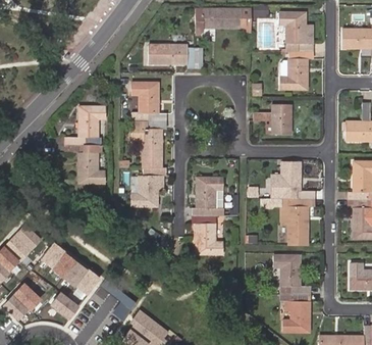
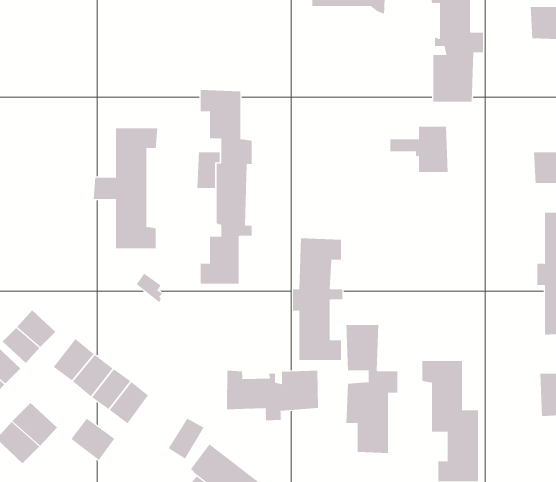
building: [148,43,202,67] -> none
building: [279,161,313,244] -> [346,324,398,454]
building: none -> [226,370,319,421]

